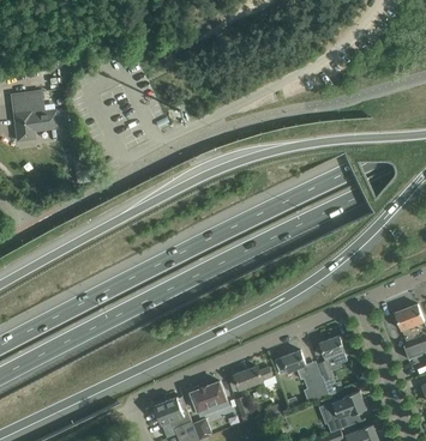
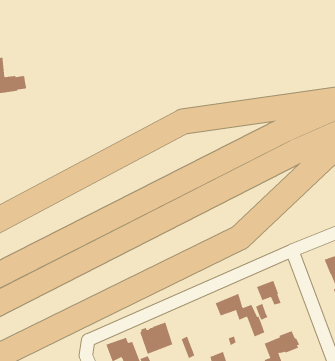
building: [234,367,278,388] -> none

